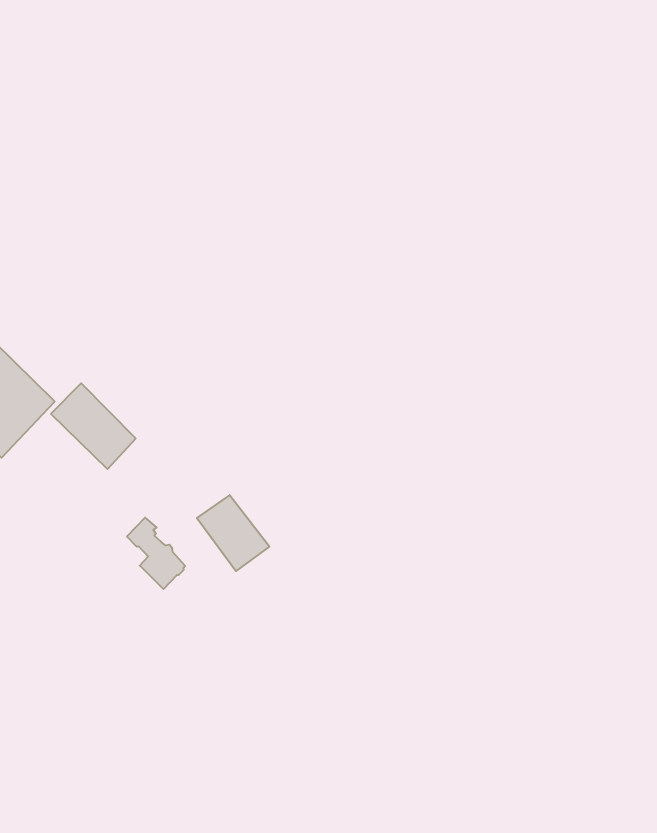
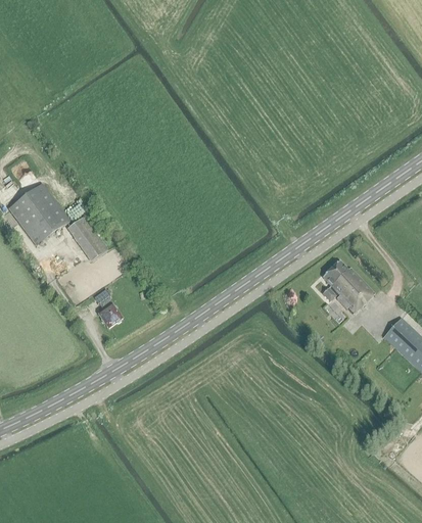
building: none -> [323,260,375,314]
building: [197,495,269,571] -> none

